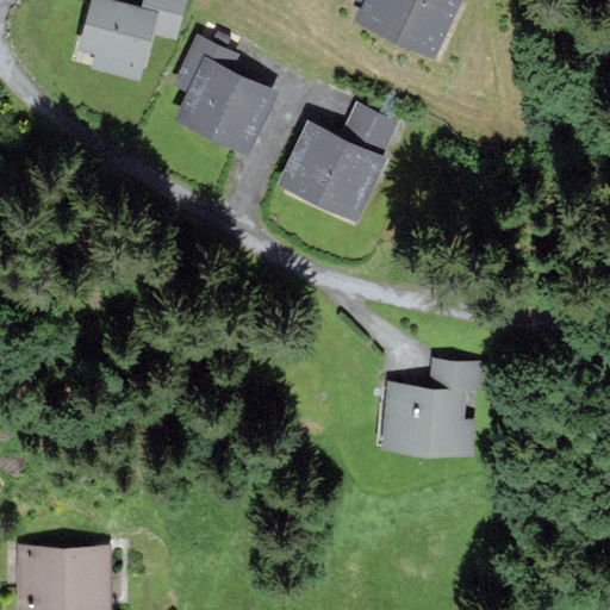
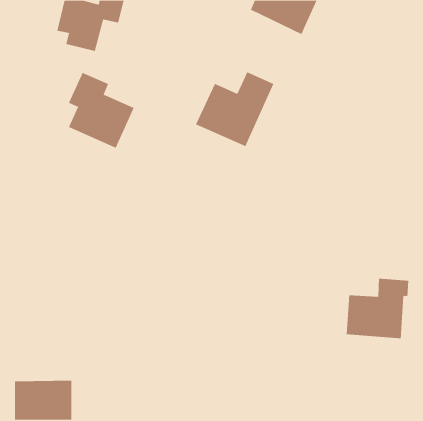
building: [176,39,272,149] -> [68,72,135,149]
building: [386,362,477,449] -> [346,278,409,339]

